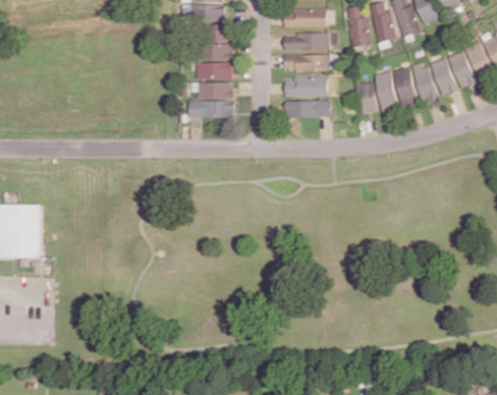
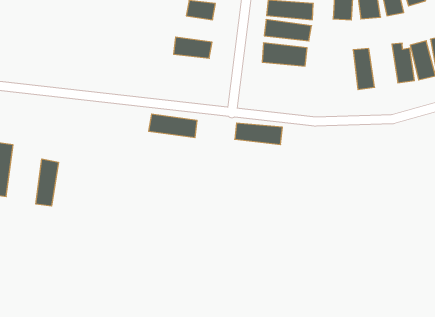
building: [195,62,231,79] -> none
building: [394,67,416,107] -> none
building: [357,81,376,114] -> none
building: [186,100,233,118] -> [149,114,197,138]
building: [284,100,330,117] -> [235,123,282,145]
building: none -> [36,159,58,206]

